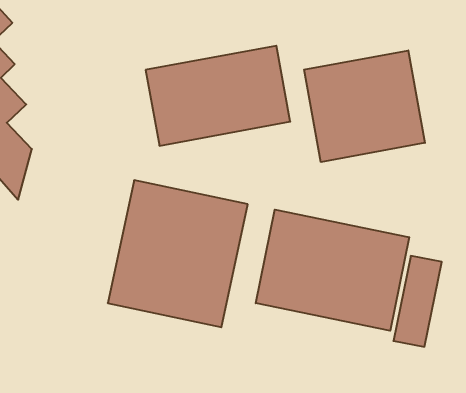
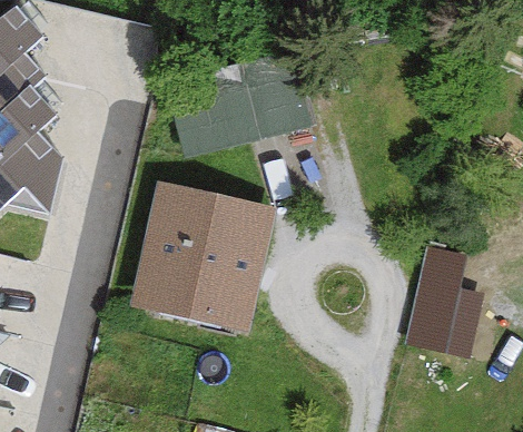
building: [304,50,425,162] -> none
building: [256,210,409,331] -> none

